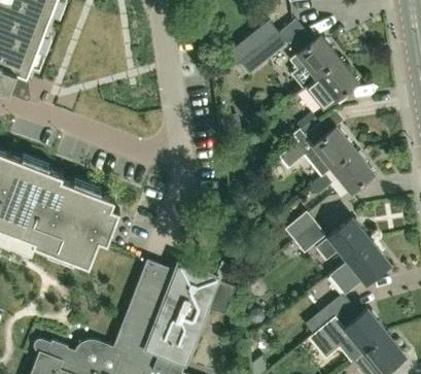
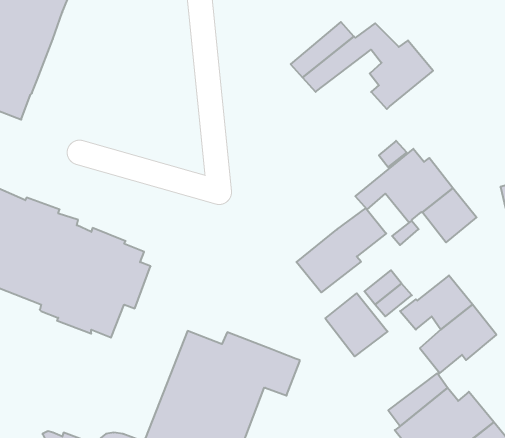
building: [306,59,358,109] -> none
building: none -> [296,208,386,292]
building: none -> [325,293,388,356]

